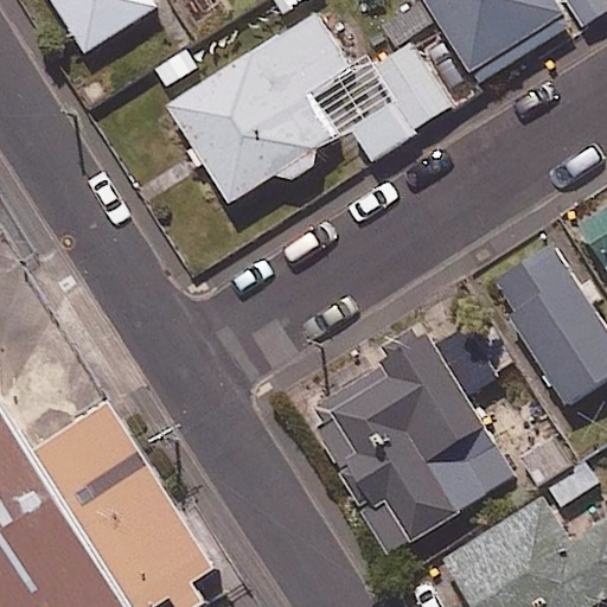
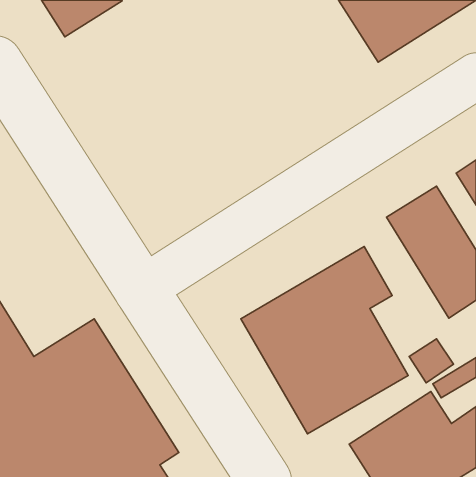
building: [166,13,350,205] -> none
building: [340,43,451,162] -> none

